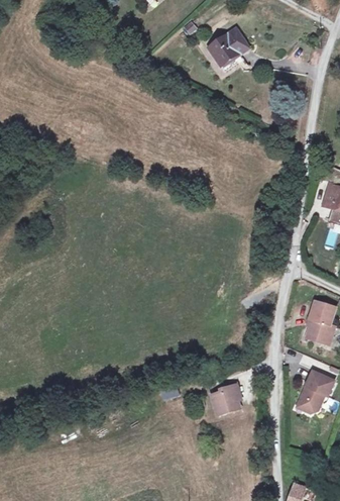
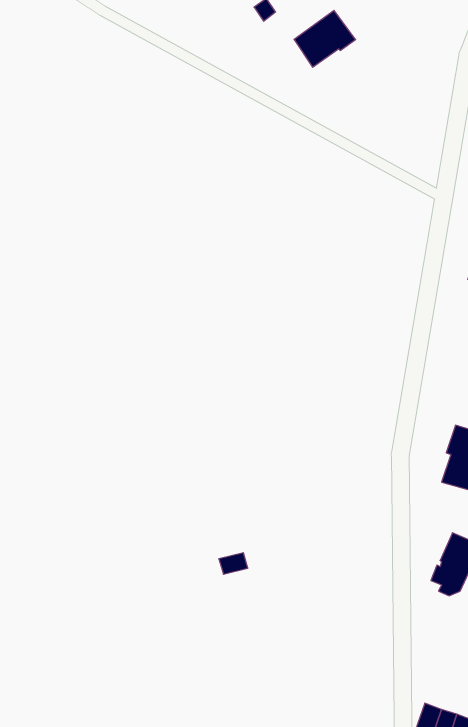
building: [210,384,239,412] -> none

